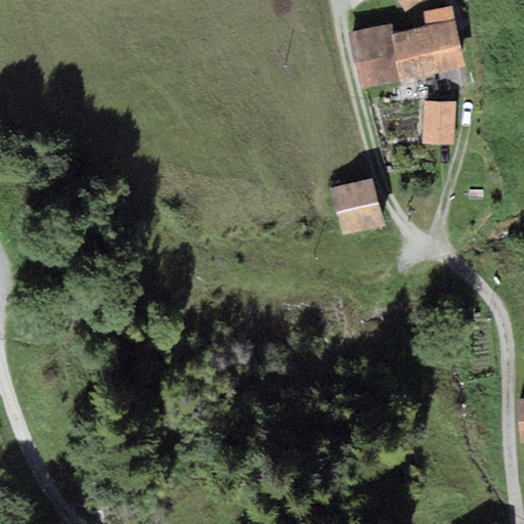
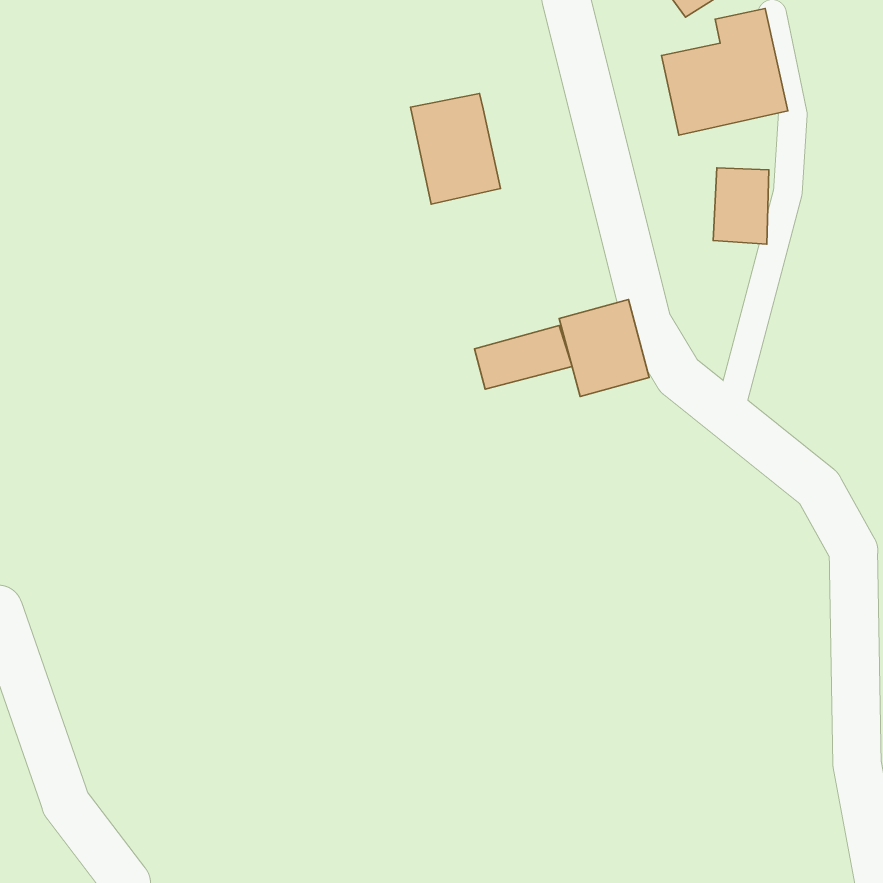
building: [348,24,401,89] -> [410,93,500,204]
building: none -> [474,326,572,389]

